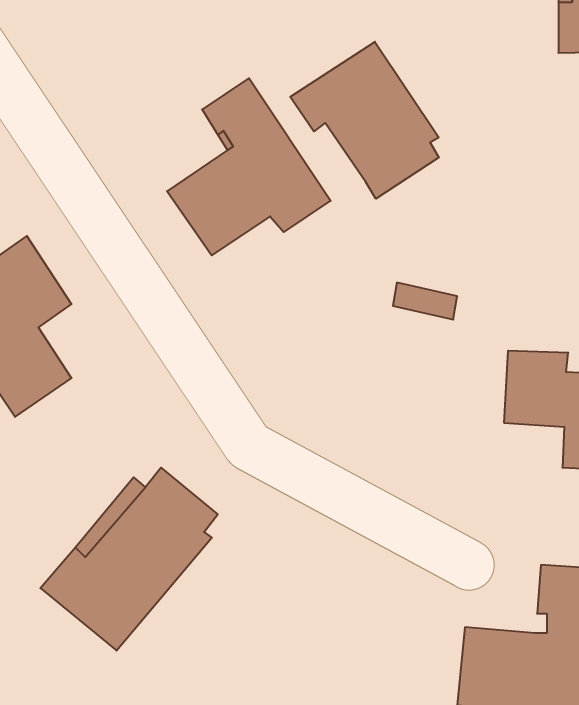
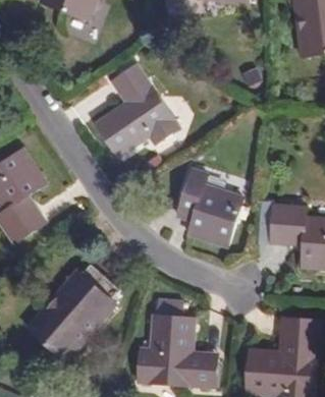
building: [290,42,439,199] -> none
building: none -> [178,171,240,245]
building: none -> [137,313,215,385]

